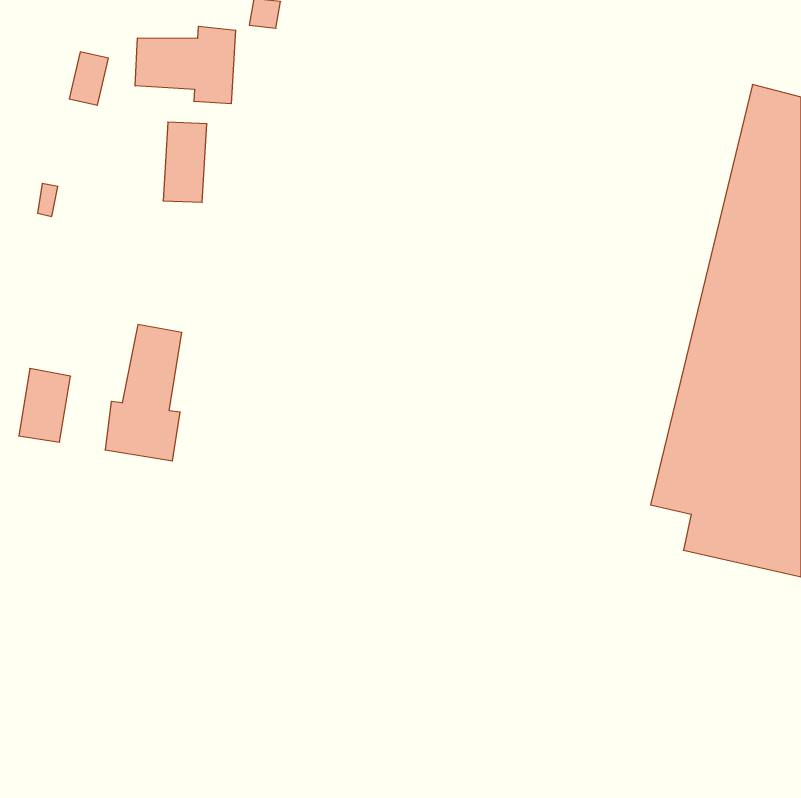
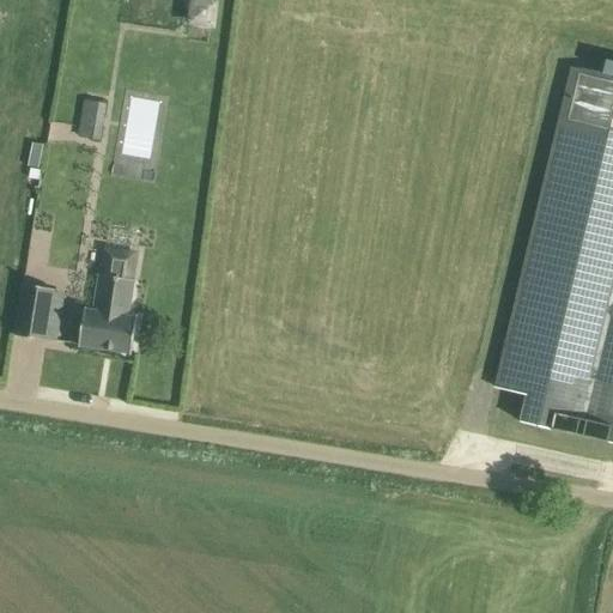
building: [135,26,235,104] -> none
building: [69,52,108,105] -> [75,96,105,136]

